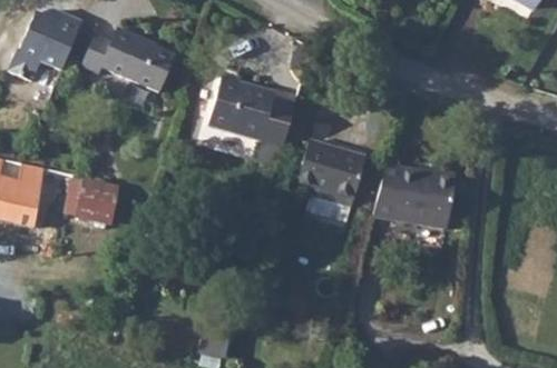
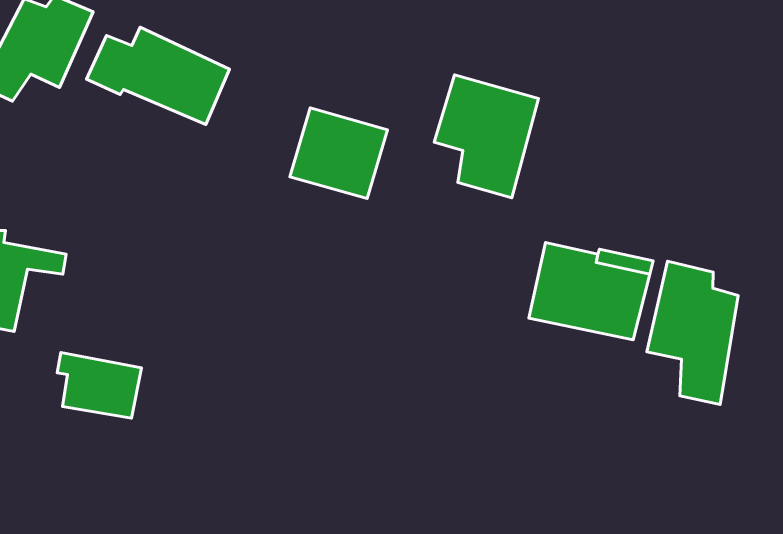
building: [297,146,367,227] -> [434,75,539,198]
building: [63,178,119,221] -> [57,353,141,418]
building: none -> [647,261,738,405]

